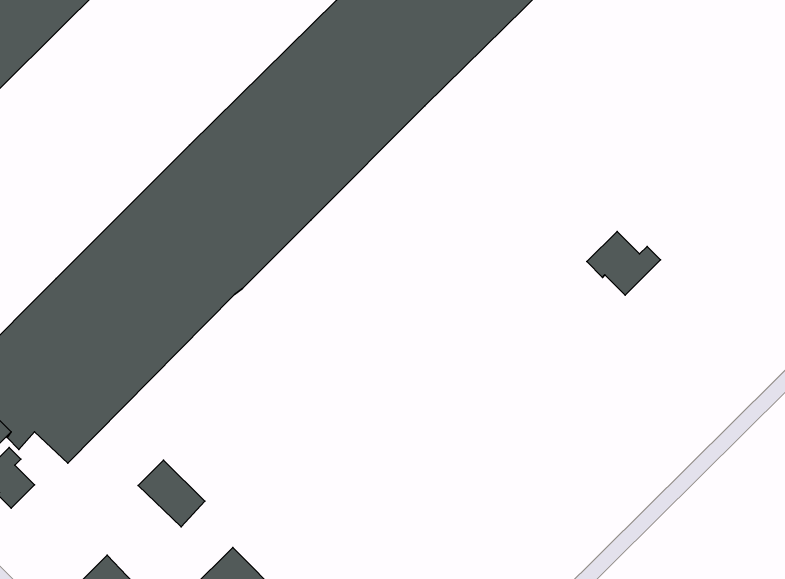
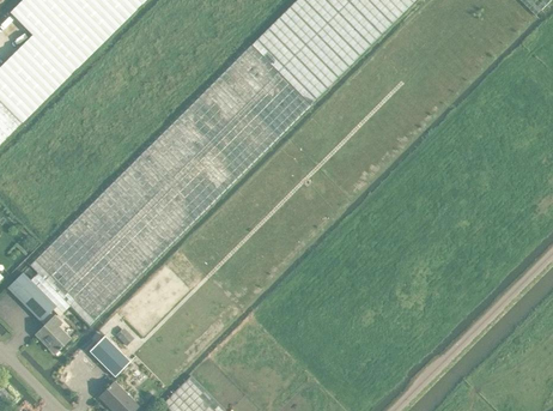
building: [587,231,660,295] -> none
building: [138,460,205,527] -> [87,336,128,376]

